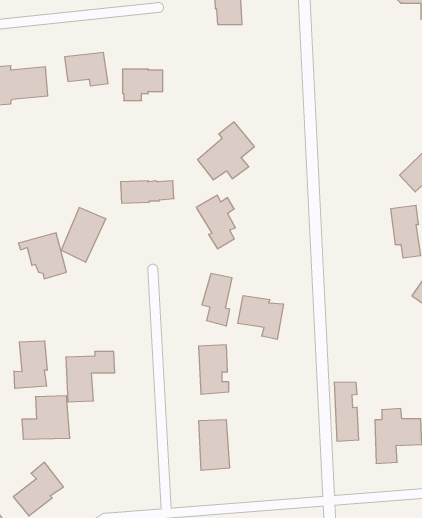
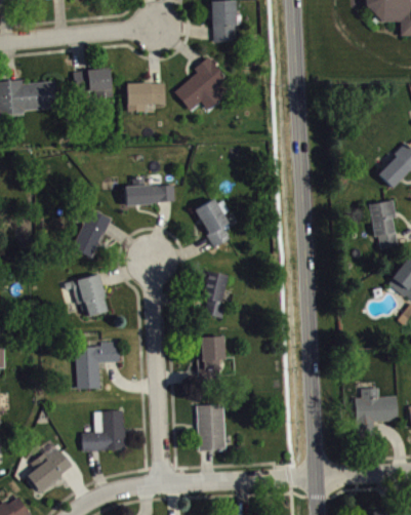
building: [197,122,254,180] -> [173,54,225,108]
building: [18,233,66,279] -> [63,272,107,314]
building: [238,296,283,339] -> none
building: [14,341,47,389] -> none
building: [335,382,358,441] -> none
building: [22,396,70,439] -> [80,408,124,448]

